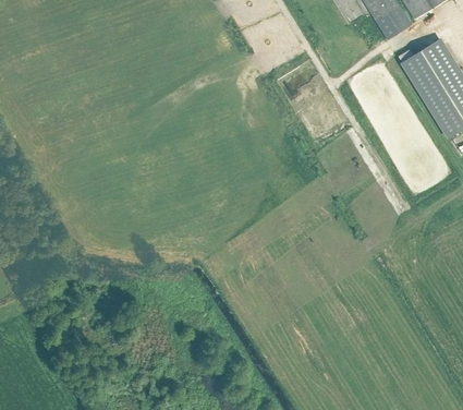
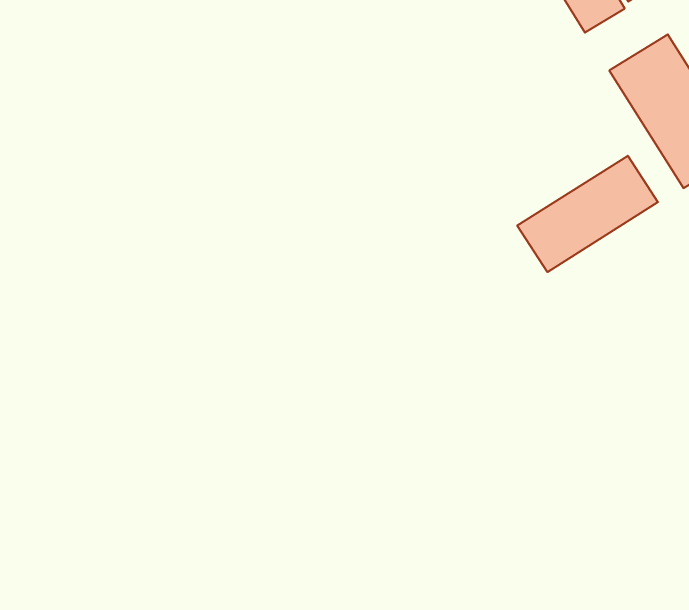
building: none -> [517,156,658,272]

